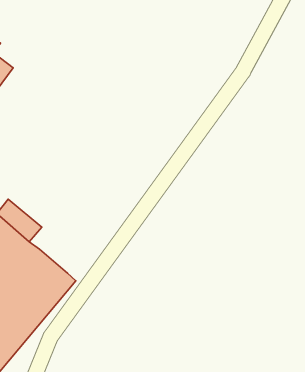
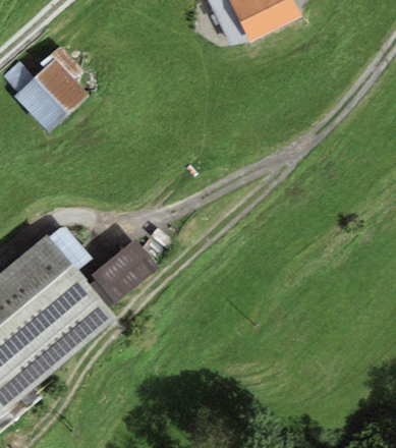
building: none -> [84,238,159,307]

